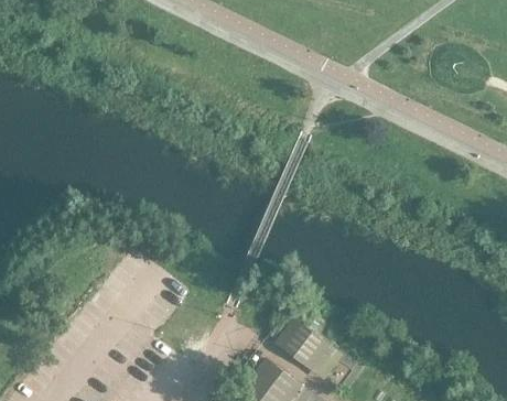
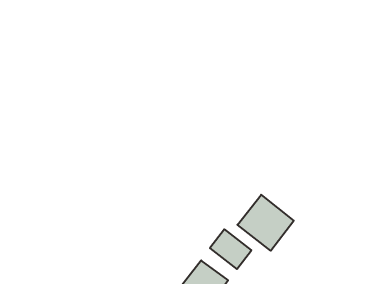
building: none -> [237,195,294,251]

